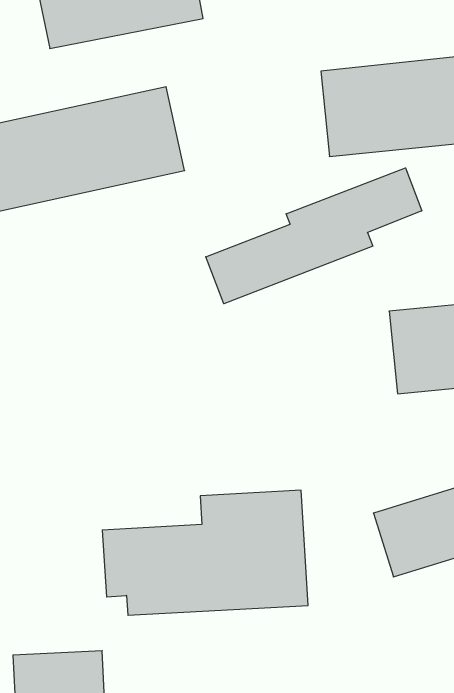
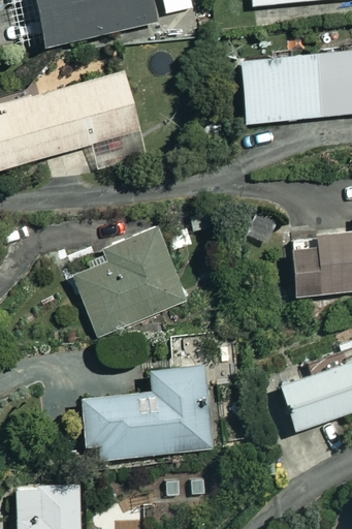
building: [206,168,422,304] -> none
building: none -> [68,227,188,338]

